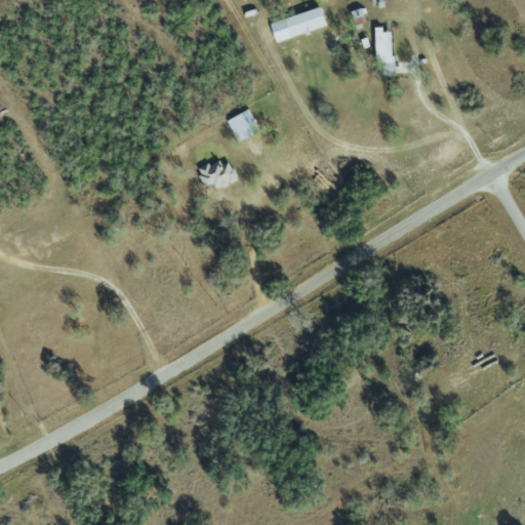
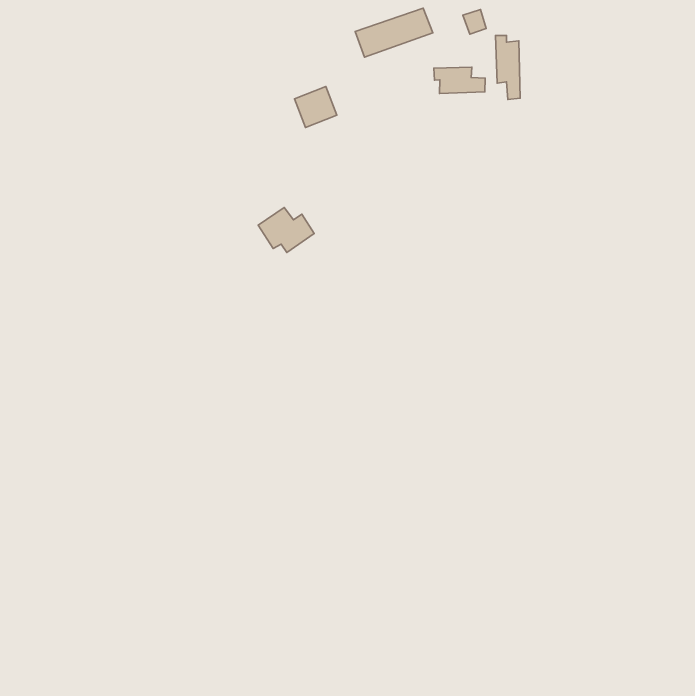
building: none -> [434,67,485,93]
building: [228,109,259,139] -> [295,86,337,127]

